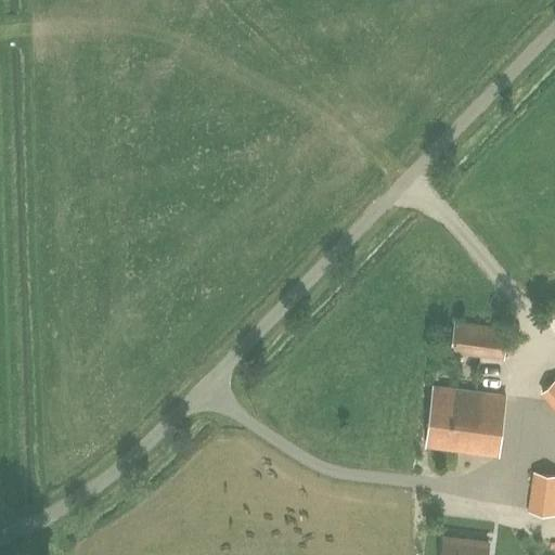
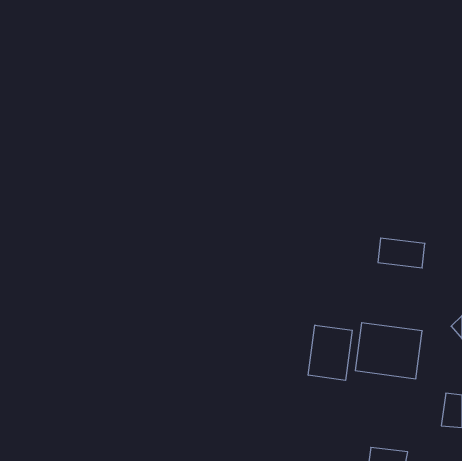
building: [451,323,507,359] -> [378,238,425,268]
building: none -> [308,325,352,380]

